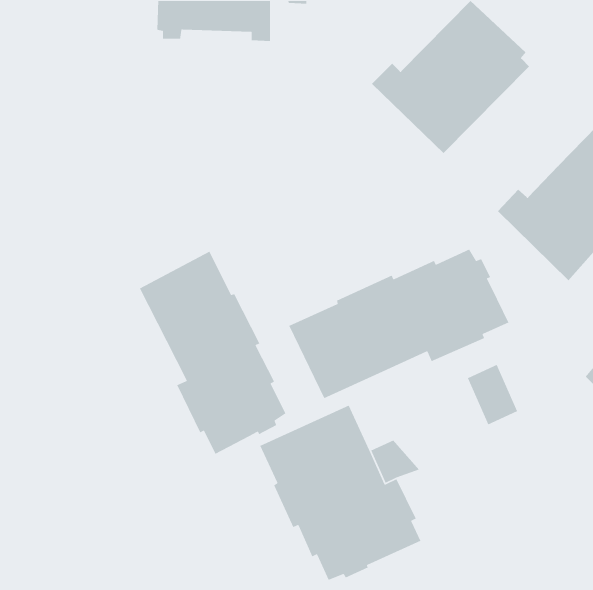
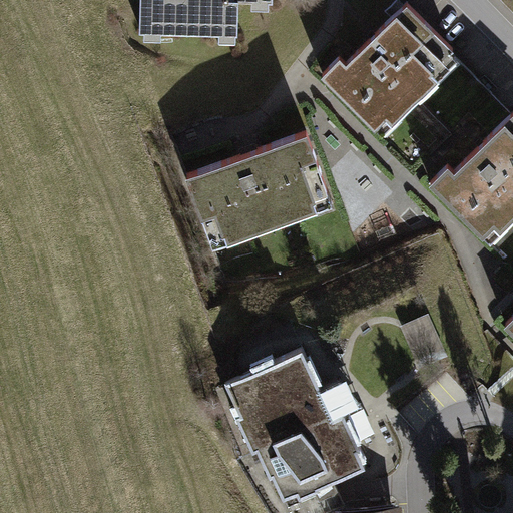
building: none -> [185,134,333,248]
building: [288,248,509,399] -> none
building: [139,250,287,455] -> none

